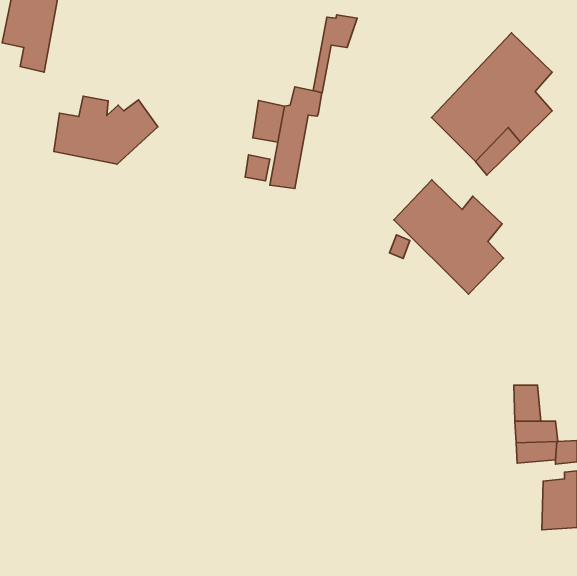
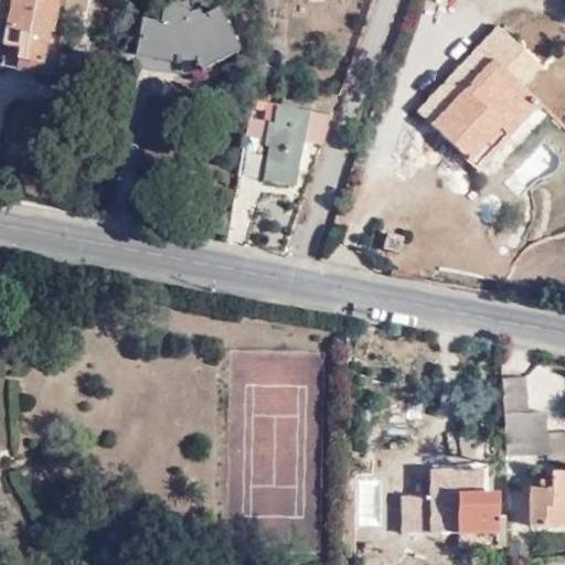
building: [313,15,357,93] -> [288,110,331,186]
building: [54,96,158,164] -> [138,9,239,75]
building: [394,180,503,294] -> none
building: none -> [416,478,510,535]

